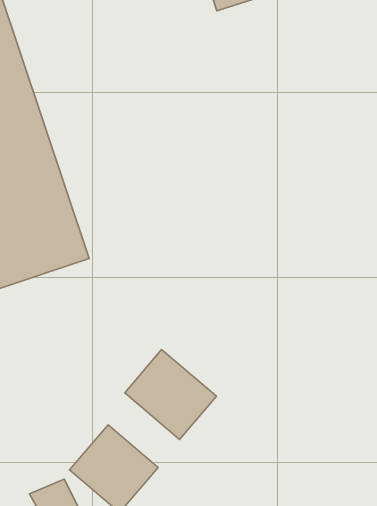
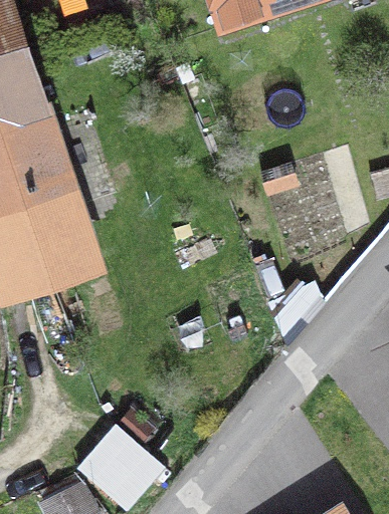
building: [125,349,216,440] -> none

